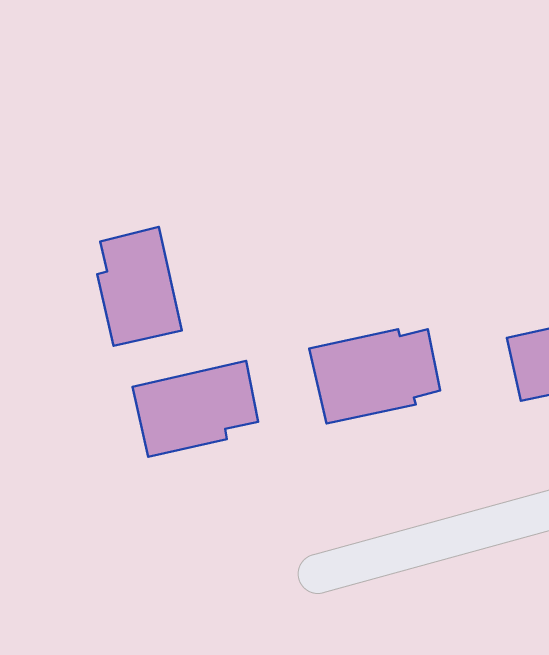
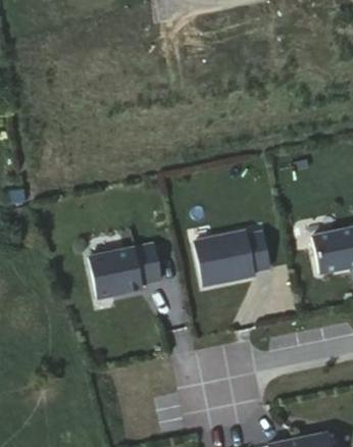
building: [97,227,182,346] -> none

